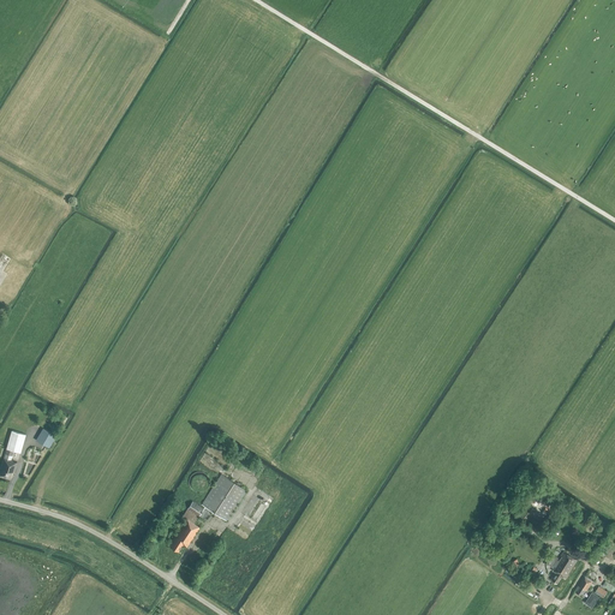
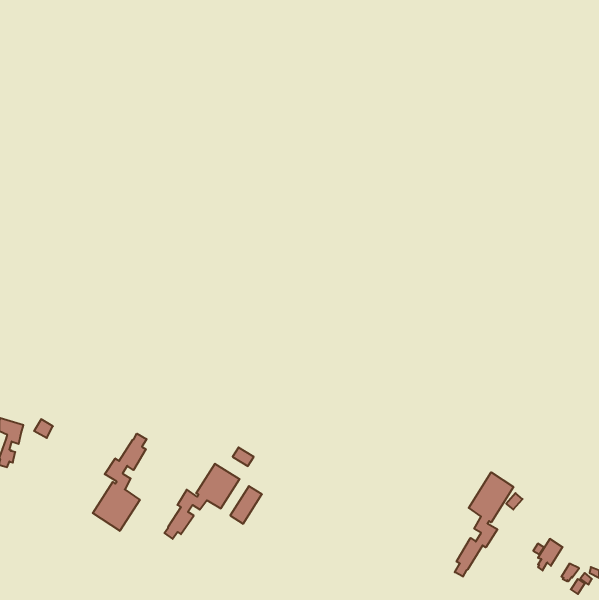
building: none -> [93,434,147,531]
building: none -> [455,472,513,577]

